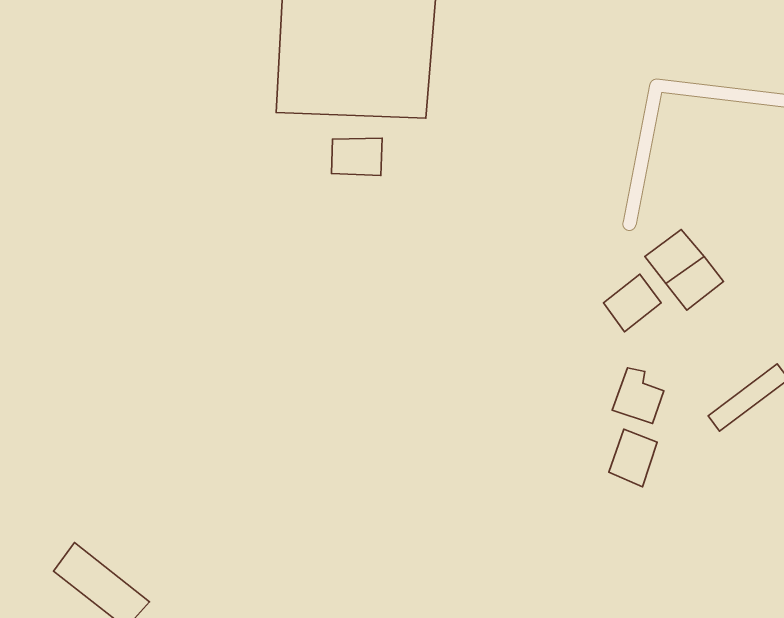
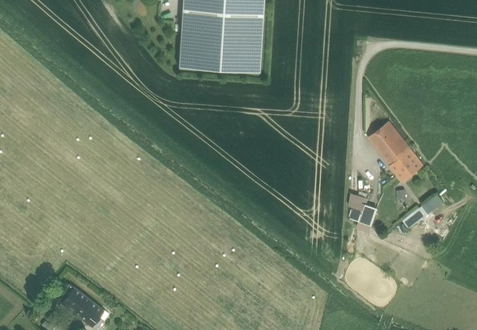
building: [332,138,382,176] -> none
building: [603,274,661,332] -> [391,151,421,181]
building: [609,429,657,487] -> none

